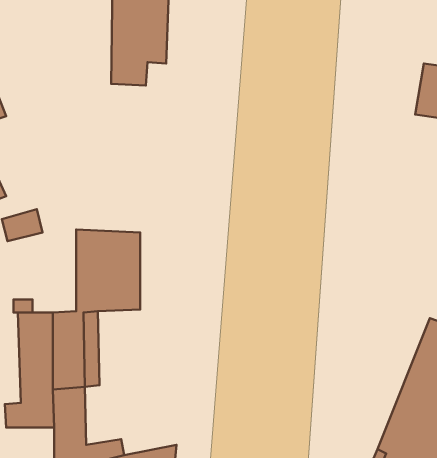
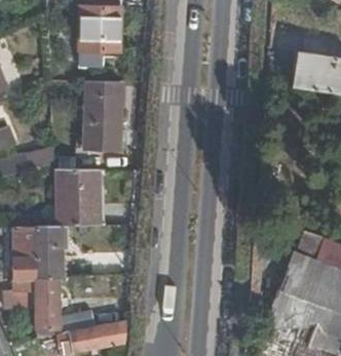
building: none -> [85,81,121,150]

